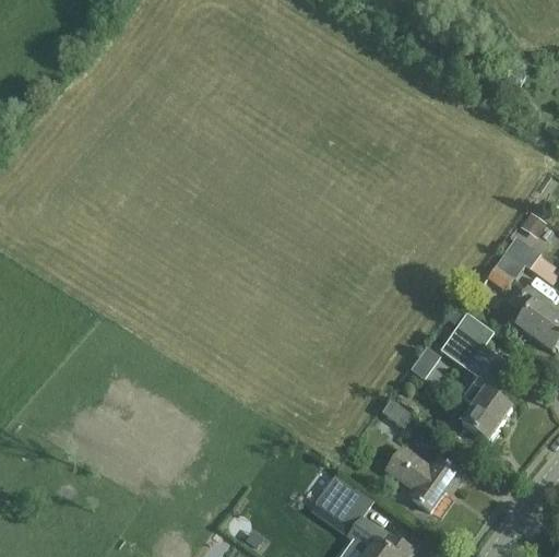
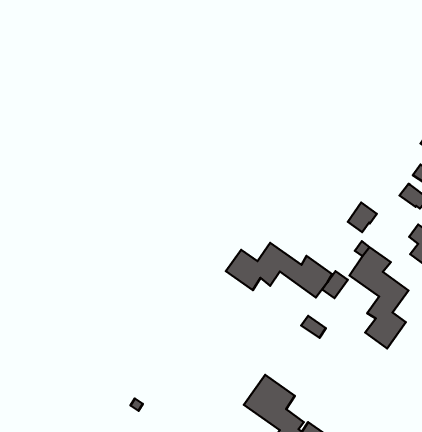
building: [488,251,524,288] -> [348,202,377,232]
building: none -> [226,243,332,297]
building: [388,448,464,510] -> none

